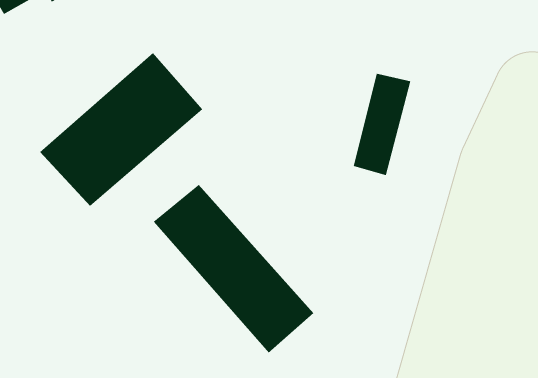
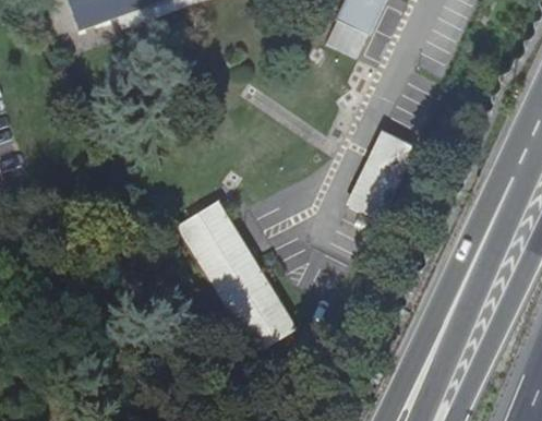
building: [39,52,203,207] -> none

